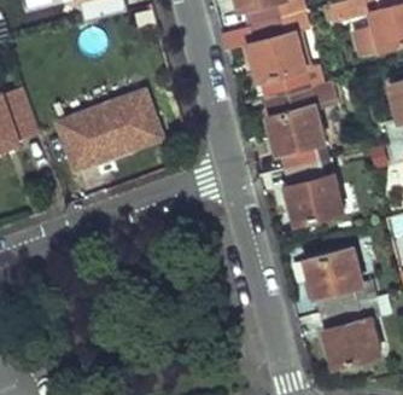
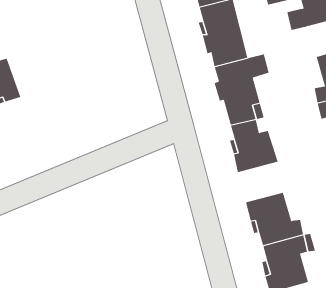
building: [59,91,160,168] -> none

